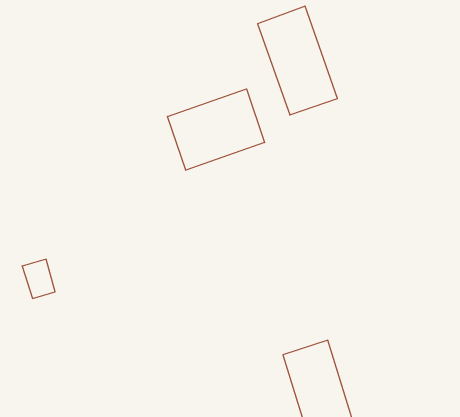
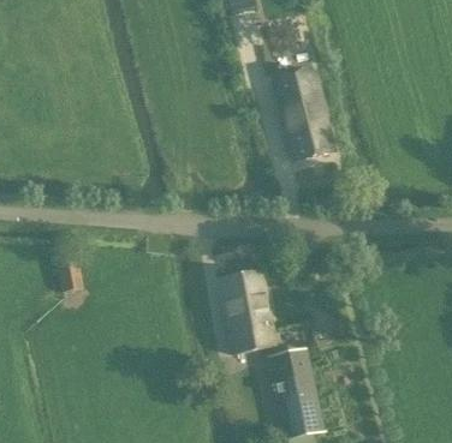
building: [167,89,265,170] -> none
building: none -> [218,269,275,351]

